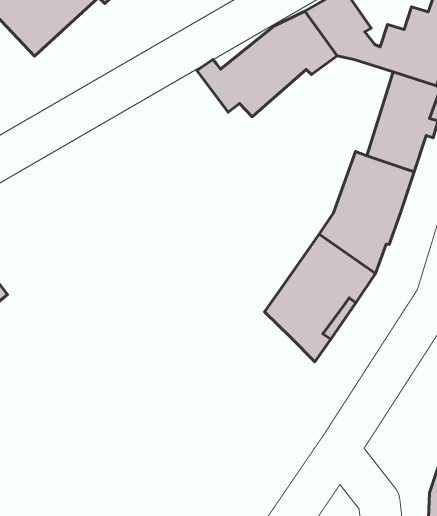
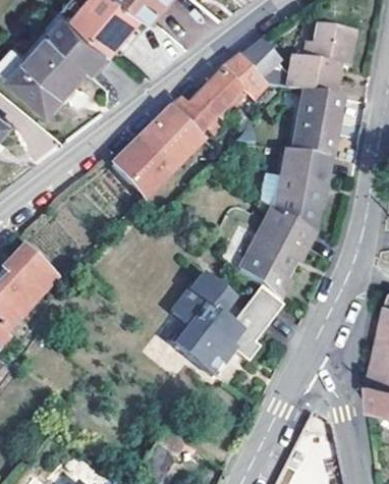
building: none -> [110,108,198,198]
building: none -> [168,276,279,376]

